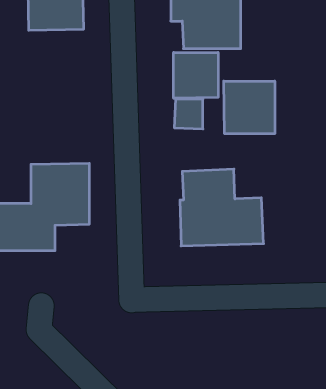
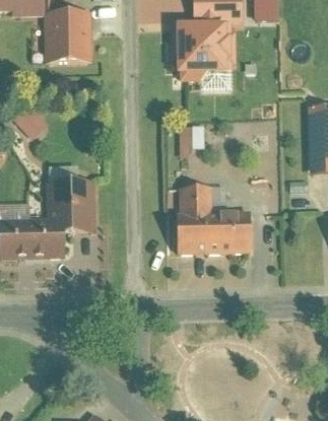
building: [174,52,218,98] -> none
building: [224,81,275,134] -> none

